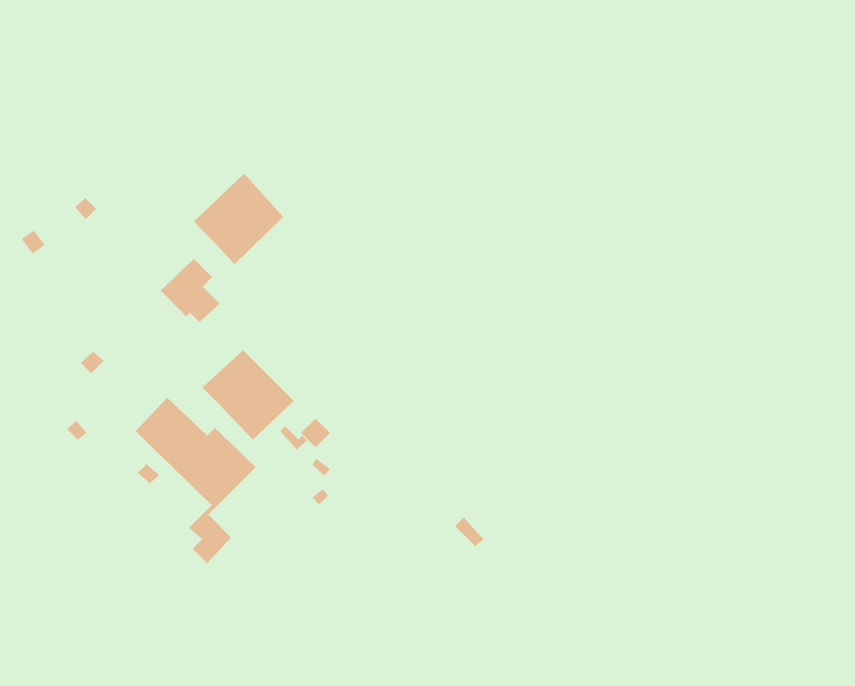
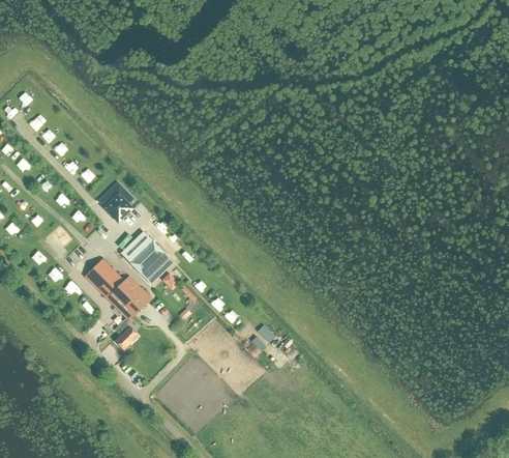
building: [193,173,284,265] -> none

